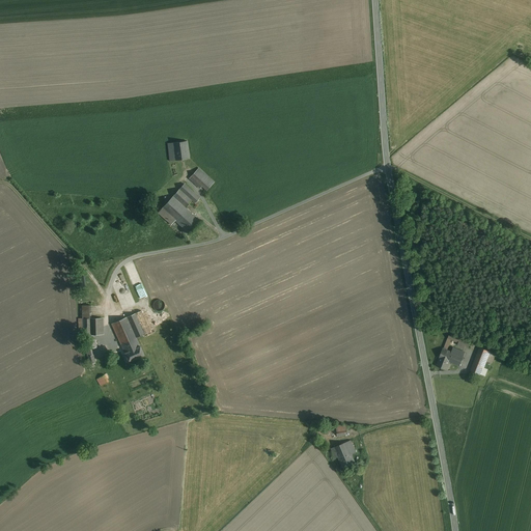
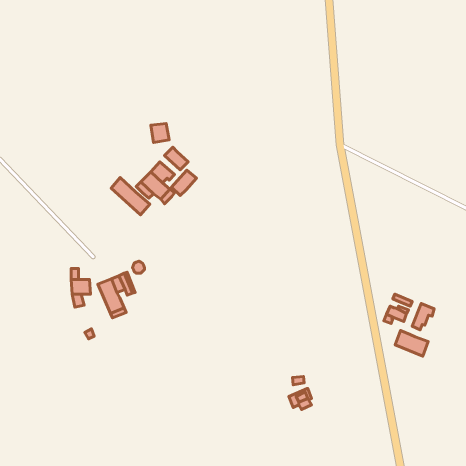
building: none -> [171,170,197,195]
building: none -> [111,177,150,215]
building: none -> [395,330,428,356]

